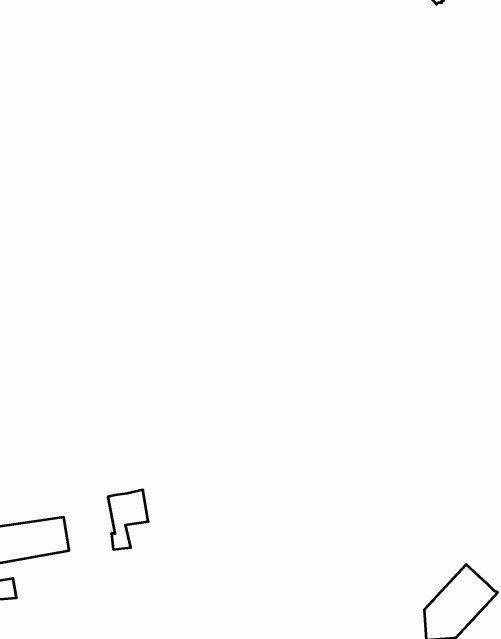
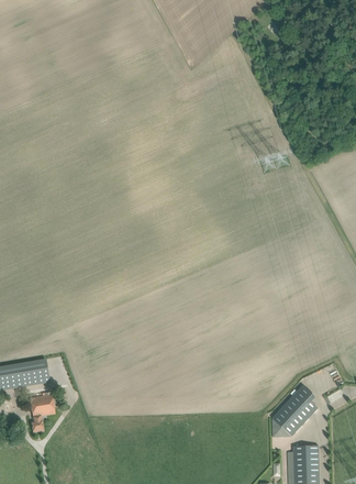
building: [108,490,148,549] -> [30,394,55,431]

